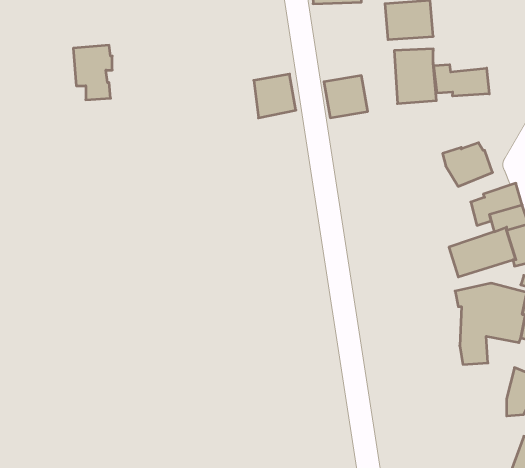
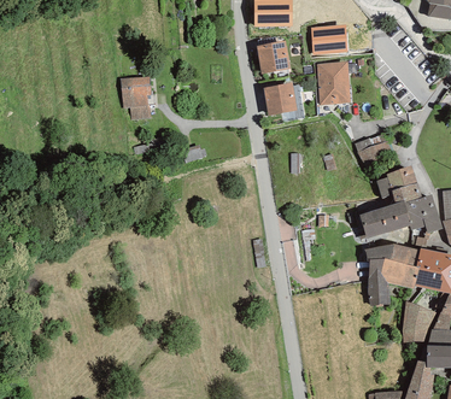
building: [73,45,112,100] -> [121,76,151,118]
building: [434,65,489,96] -> none
building: [254,74,296,118] -> [257,40,289,74]

